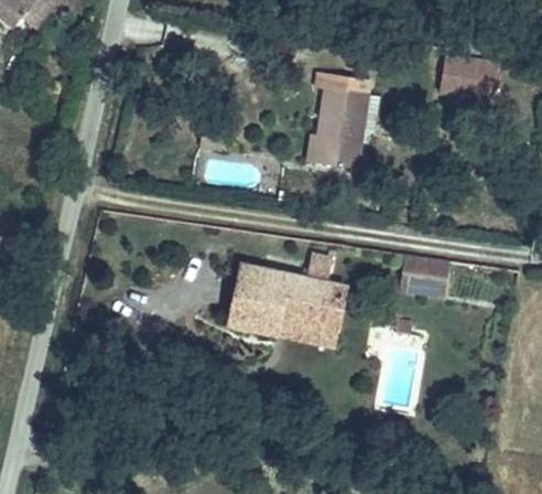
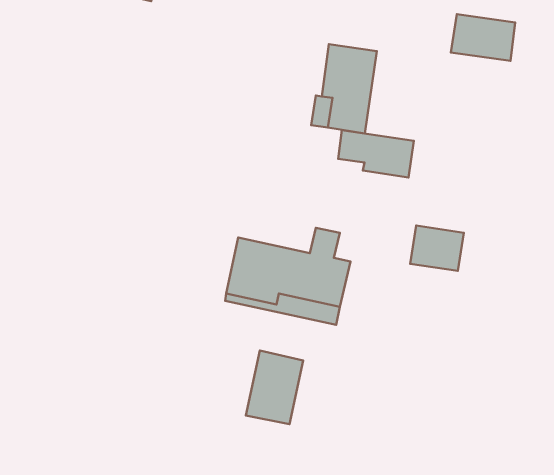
building: none -> [338,130,414,177]
building: none -> [246,351,303,424]

